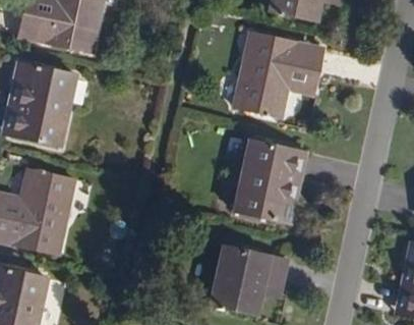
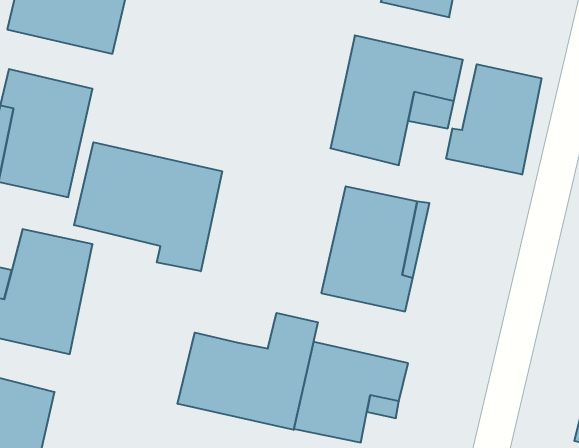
building: none -> [446,64,541,175]
building: none -> [74,142,222,271]
building: none -> [178,313,318,430]

